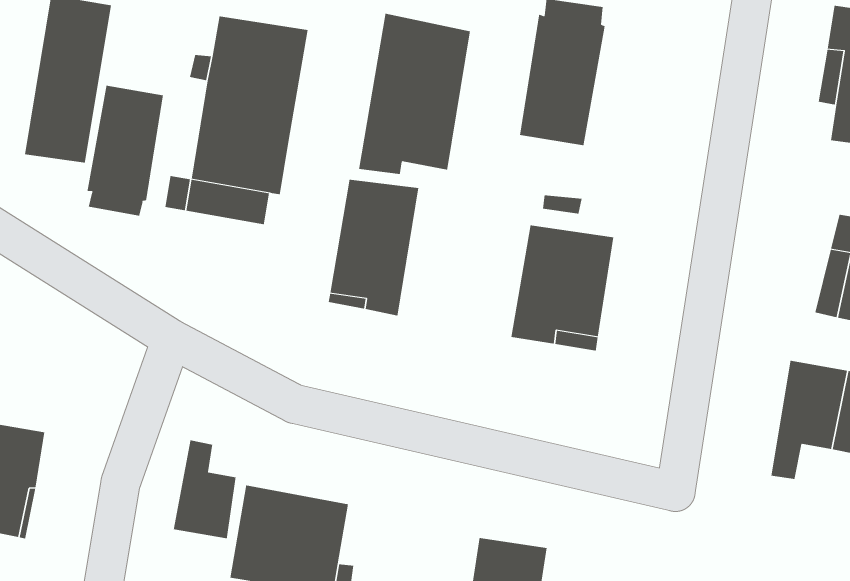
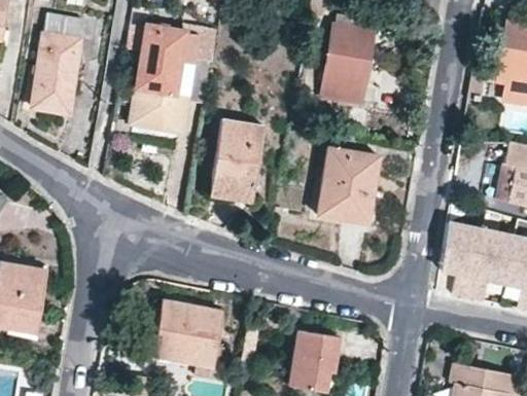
building: [358,13,471,175] -> none
building: [87,85,164,217] -> none
building: none -> [441,221,482,295]
building: [173,440,236,539] -> none

